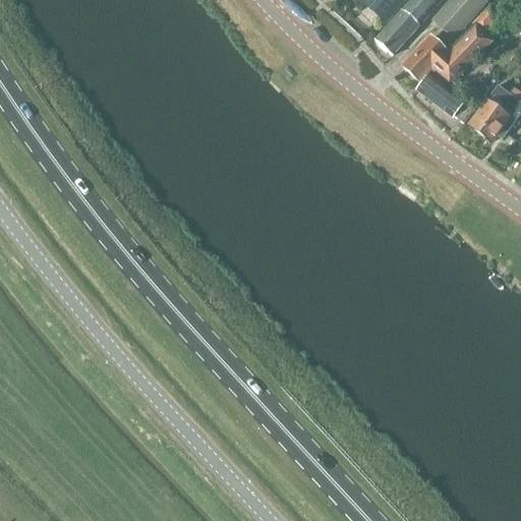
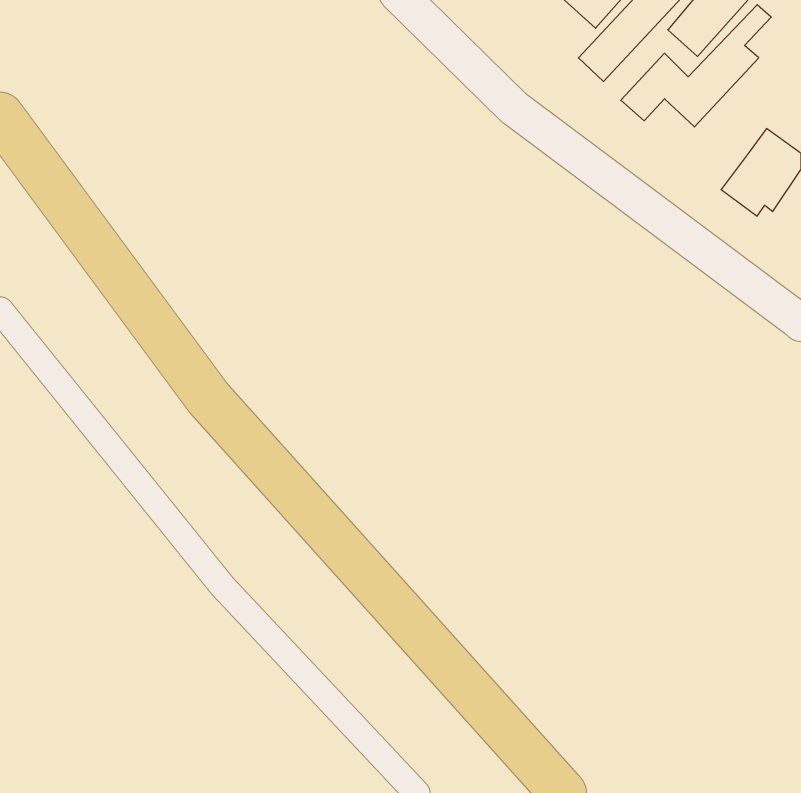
building: [418,72,473,119] -> none

